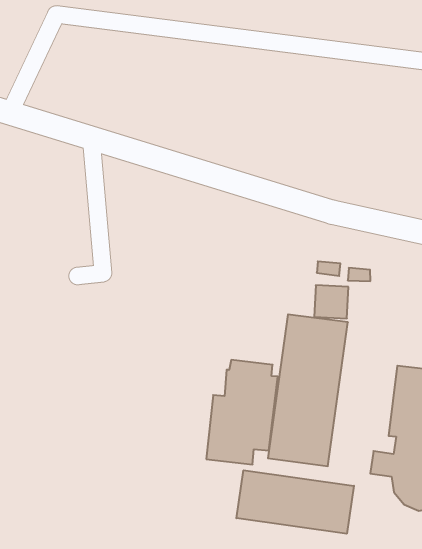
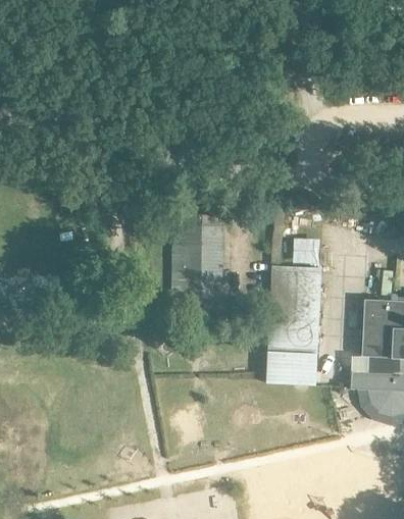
building: [206,360,278,464] -> [171,215,223,298]
building: [236,470,354,534] -> none

